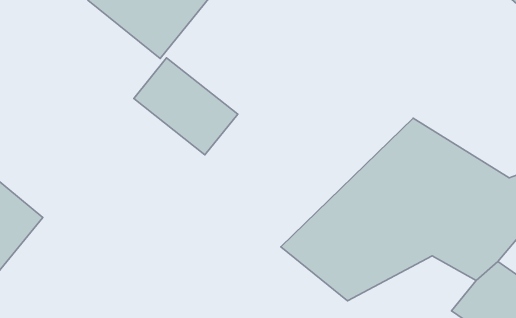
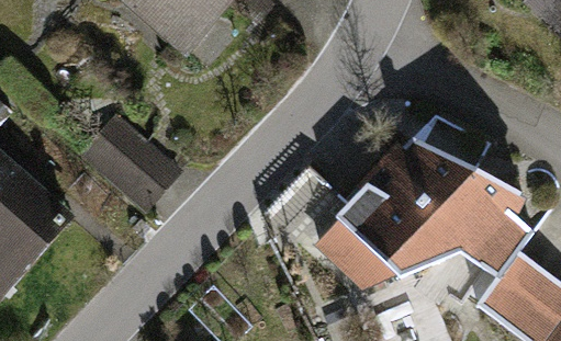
building: [134,58,238,155] -> [76,118,177,213]

